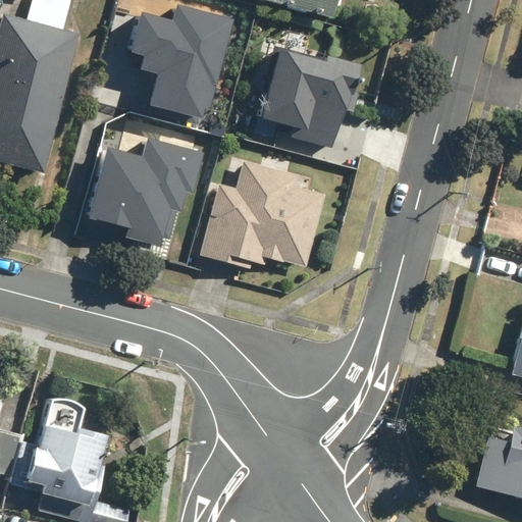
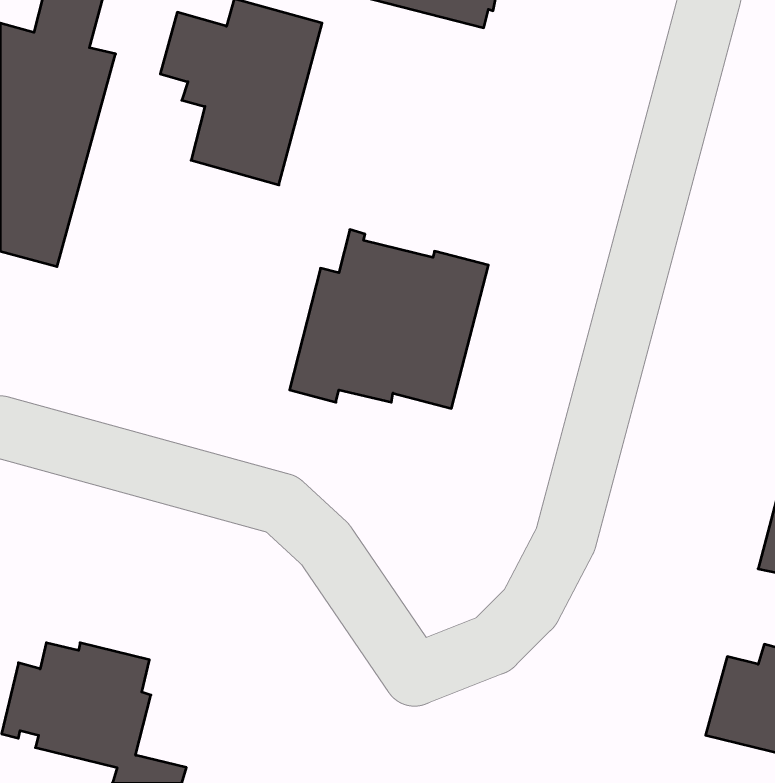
building: [256,46,366,149] -> none
building: [79,138,194,241] -> none

